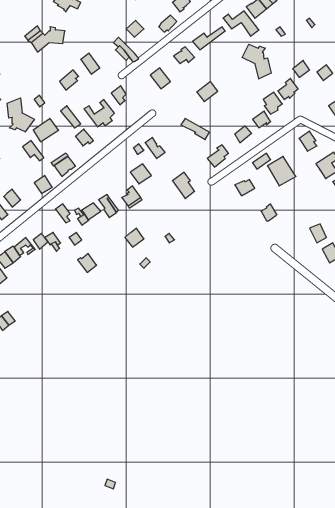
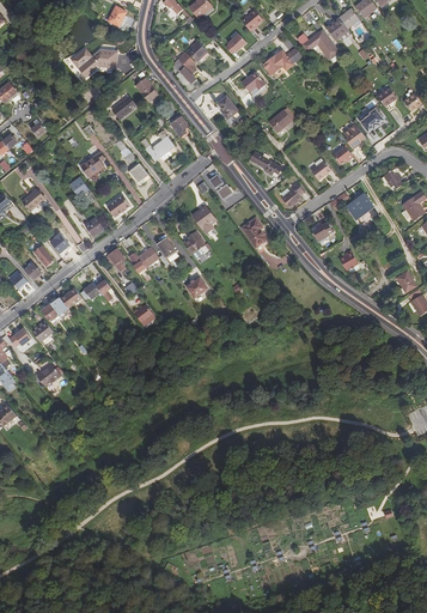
building: [242,44,271,79] -> none
building: [7,98,34,132] -> none

